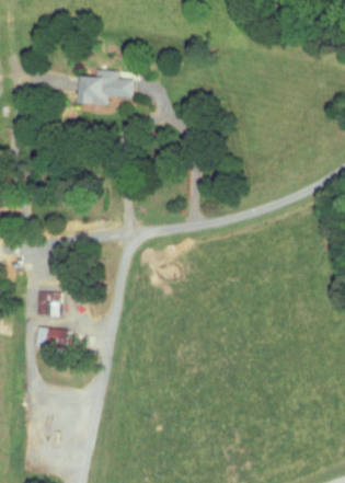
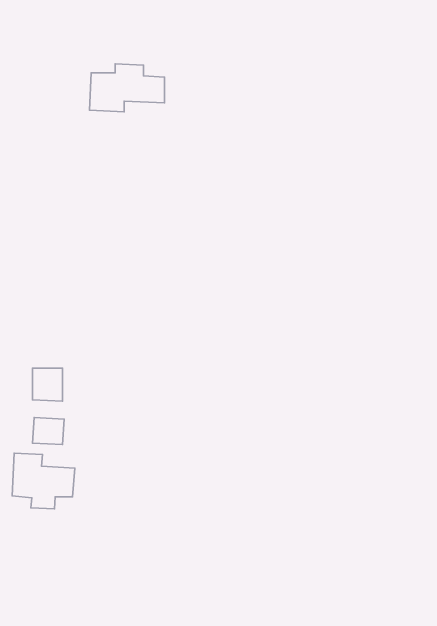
building: none -> [12,453,75,509]

